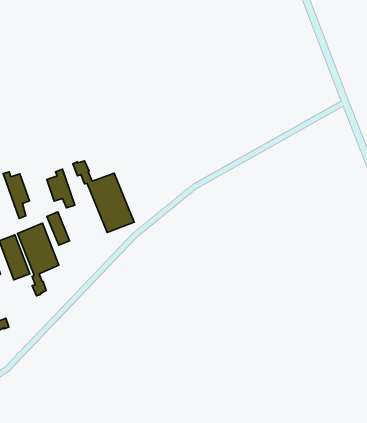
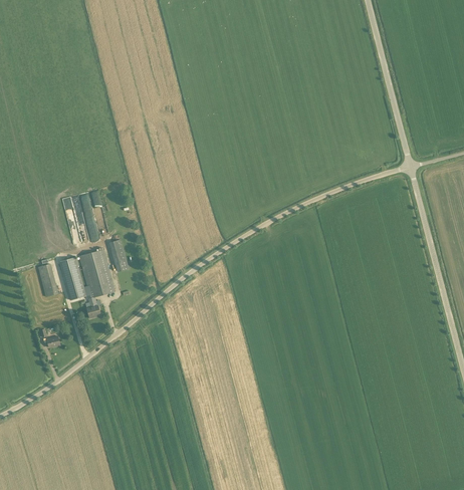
building: [73,161,134,233] -> none
building: [47,169,75,208] -> none

